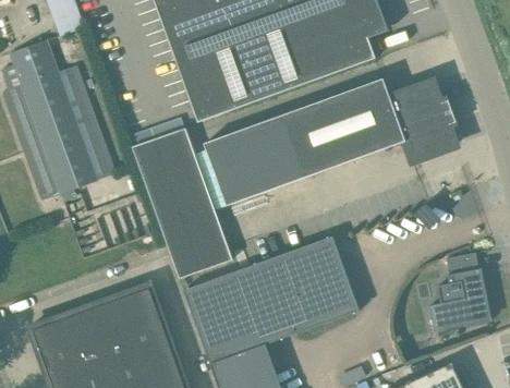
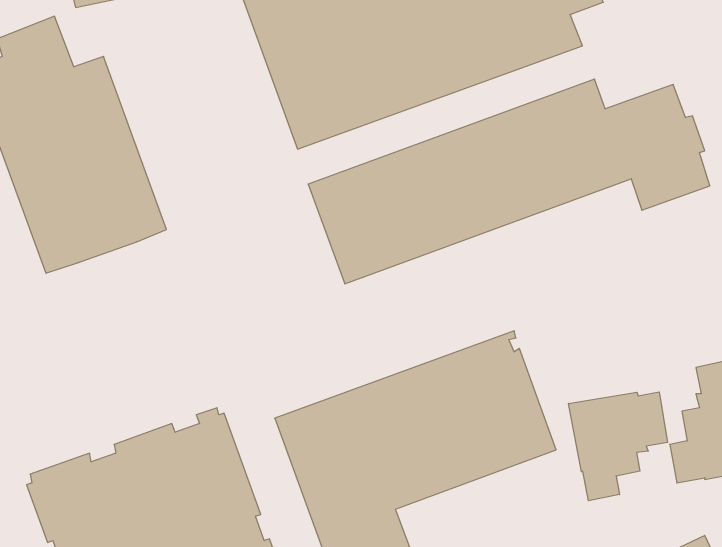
building: [132,128,232,278] -> none
building: none -> [569,392,668,501]

